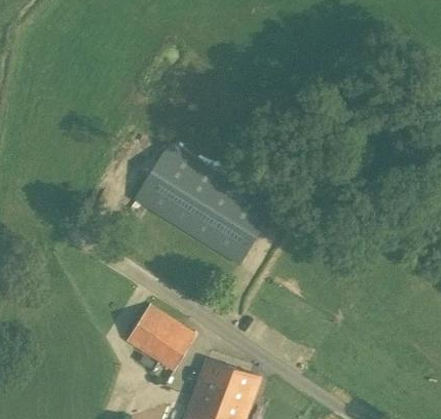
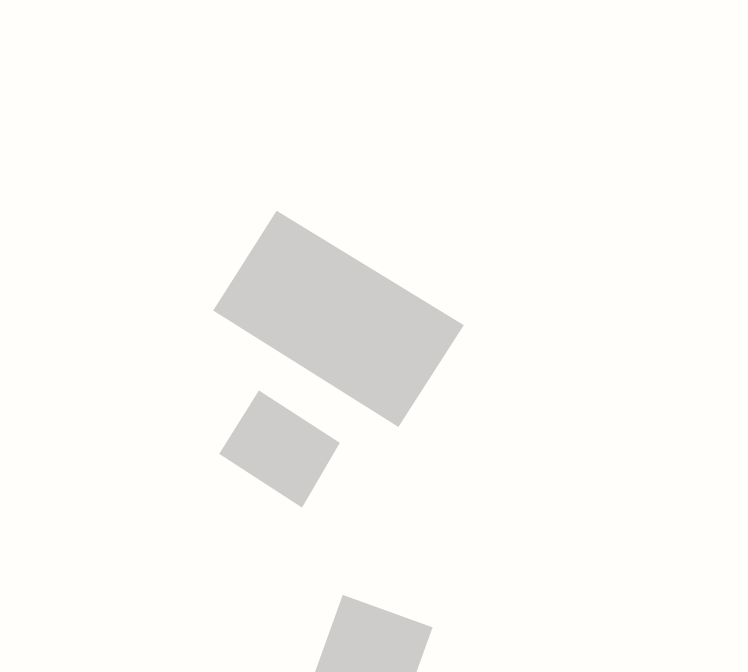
building: [127,304,196,371] -> [218,390,341,509]

